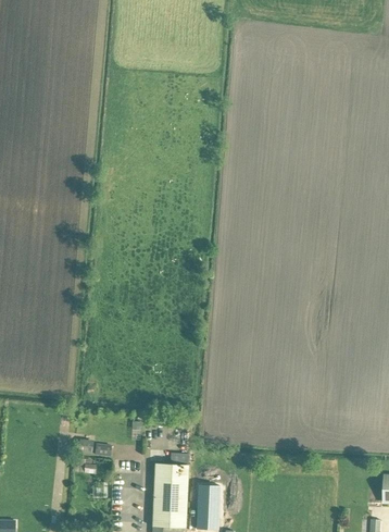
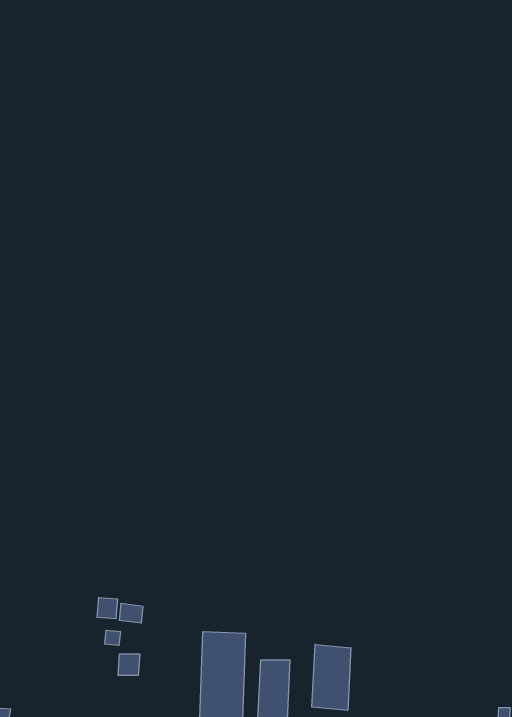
building: none -> [312,644,351,710]

